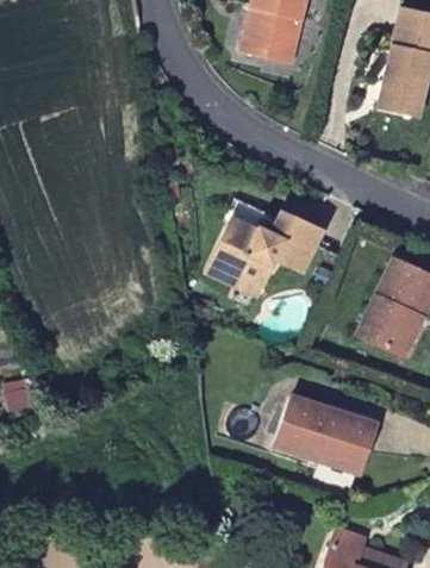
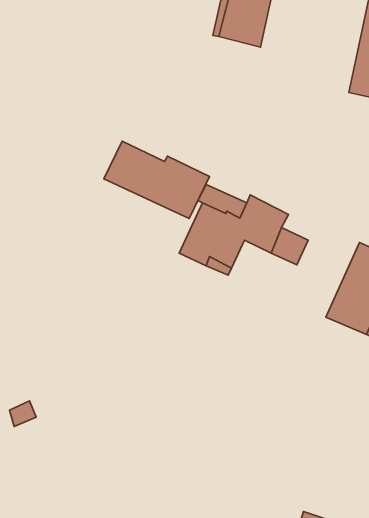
building: none -> [104,141,210,219]
building: [274,393,374,472] -> none

